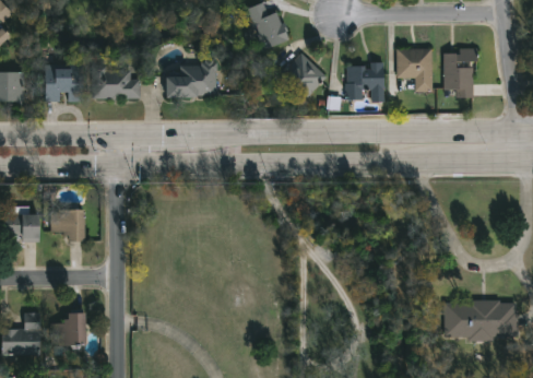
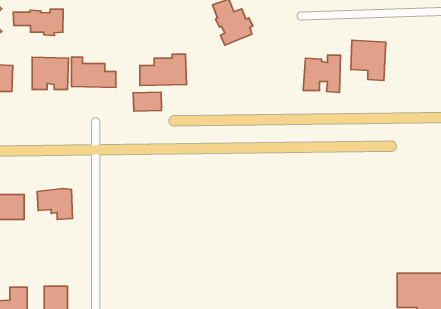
building: none -> [13,9,63,35]
building: [440,47,476,96] -> none
building: [280,52,325,101] -> none
building: none -> [133,92,162,111]

